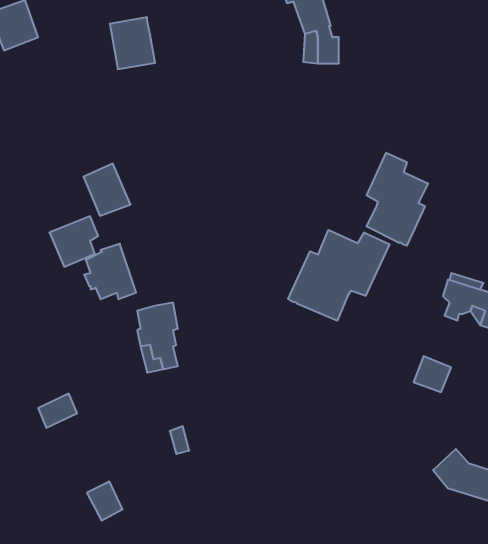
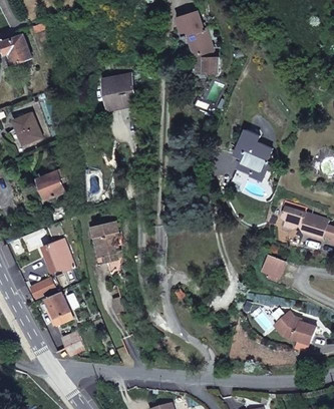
building: [110,17,155,69] -> [105,75,133,107]
building: [83,164,131,216] -> [12,112,41,144]
building: [288,230,389,321] -> none
building: [84,244,136,299] -> [40,238,72,272]
building: none -> [45,293,71,324]

